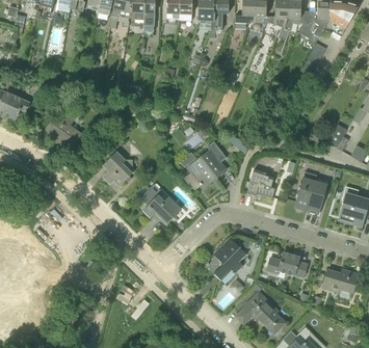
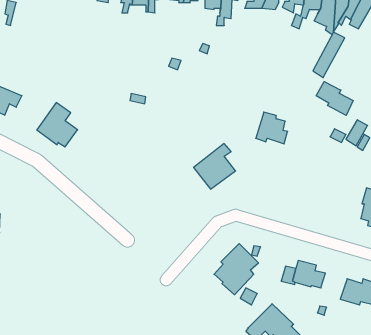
building: none -> [316,82,353,115]
building: [102,151,134,185] -> none
building: [246,168,275,197] -> [256,112,288,144]
building: [295,175,328,213] -> none
building: [140,187,181,222] -> none

